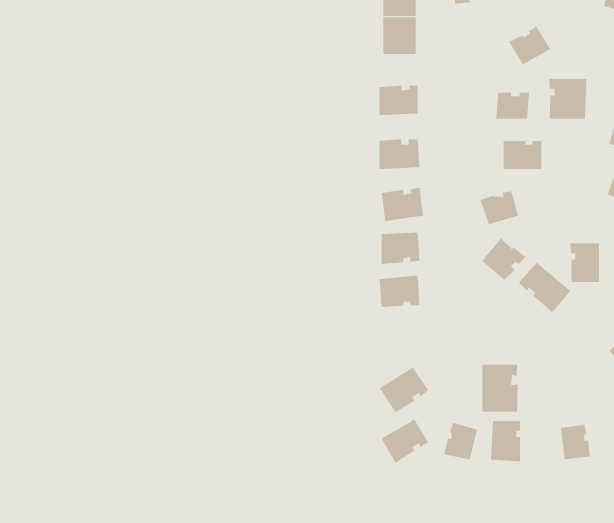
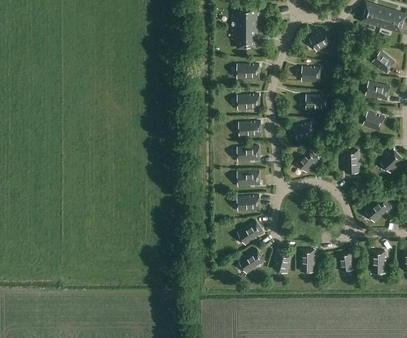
building: [549,78,587,120] -> none
building: [518,262,571,313] -> none
building: none -> [236,194,259,212]
building: [482,364,518,413] -> none

